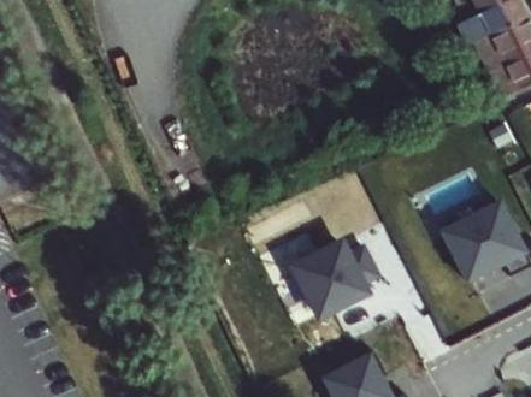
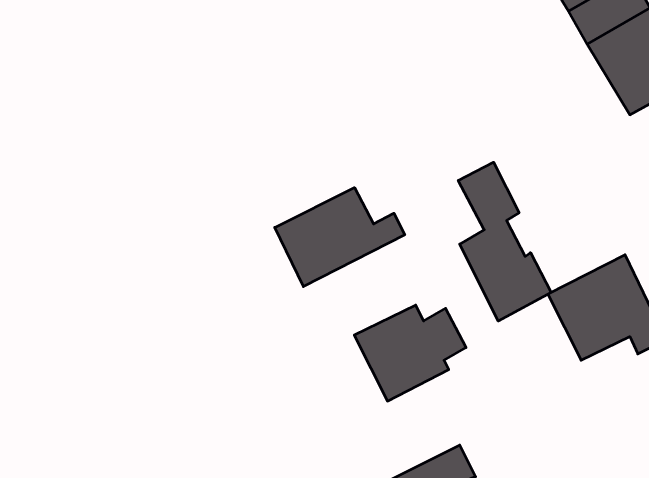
building: none -> [458,162,551,321]
building: none -> [275,188,405,287]

